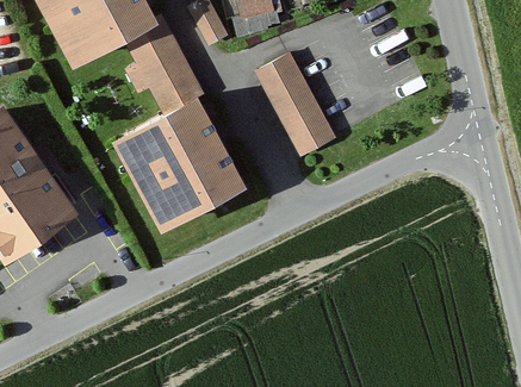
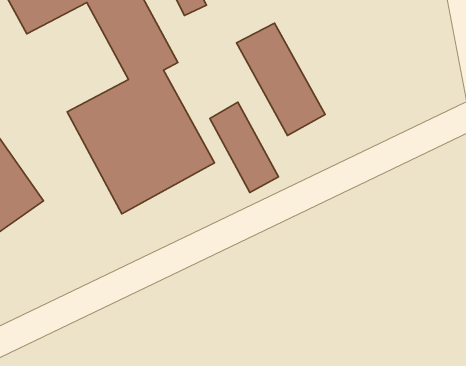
building: none -> [210,102,279,192]

